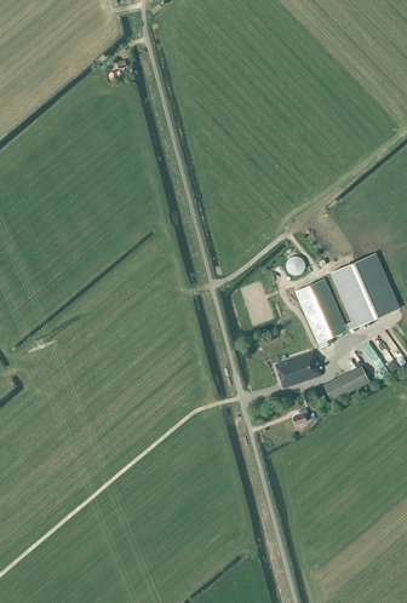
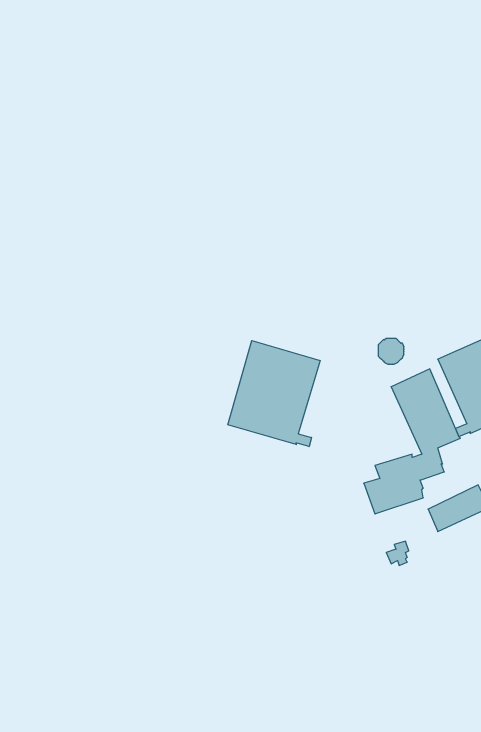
building: none -> [228,341,320,447]

